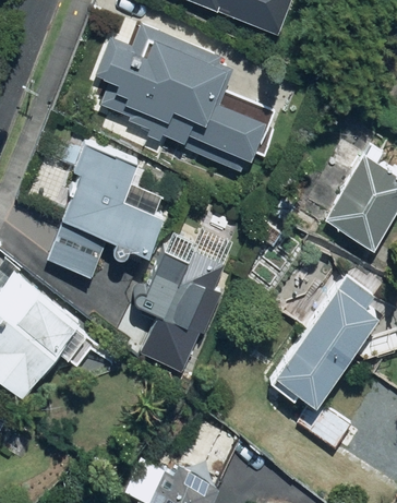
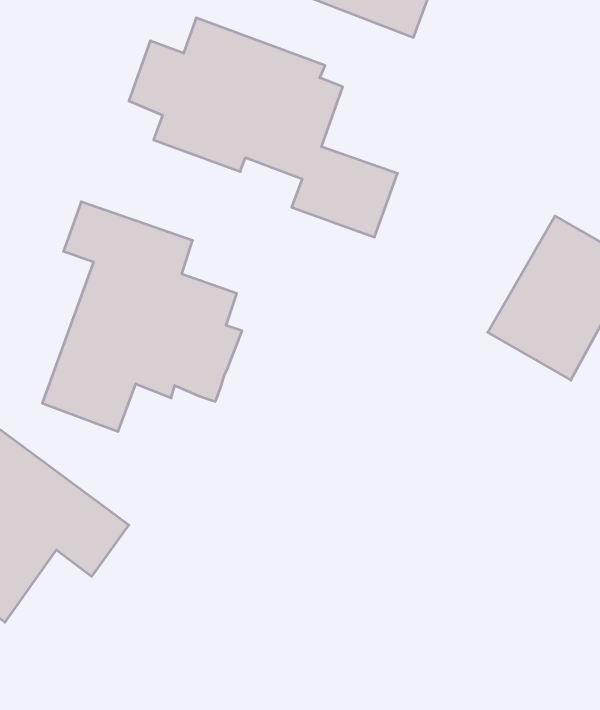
building: [128,252,231,372] -> none
building: [267,263,376,405] -> none

